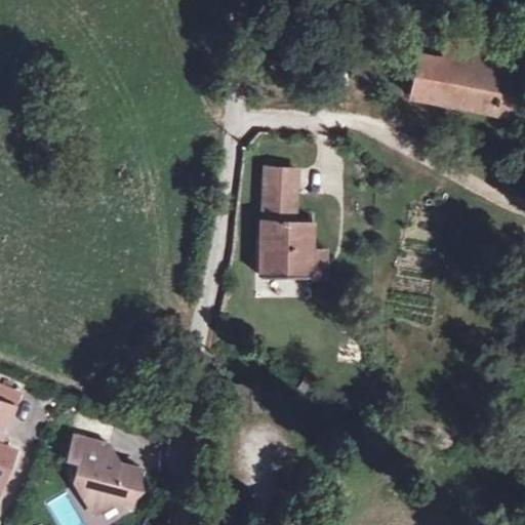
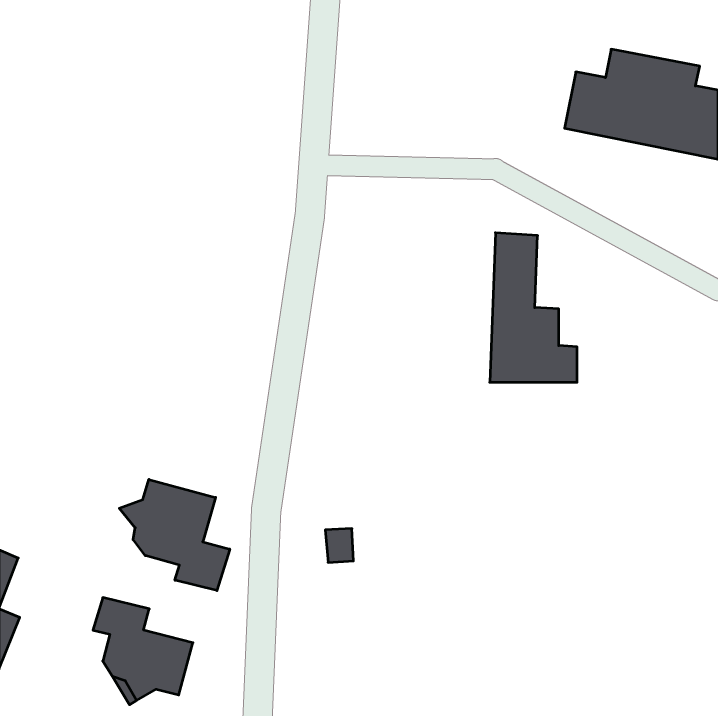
building: [260,170,324,279] -> [490,233,577,382]
building: none -> [119,479,230,591]

